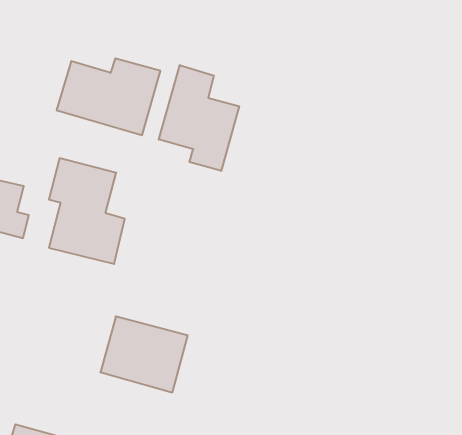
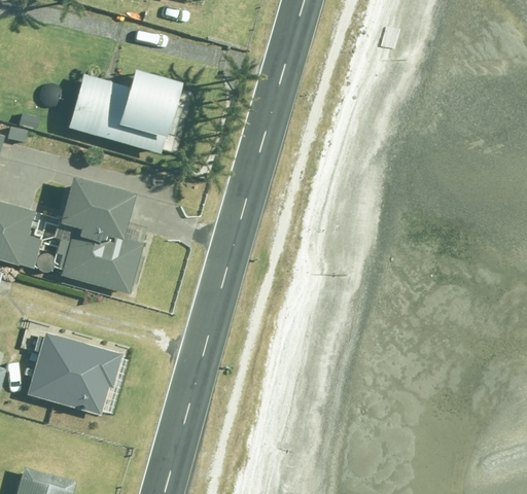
building: [159,65,239,171] -> none
building: [100,316,188,392] -> [27,332,120,414]

